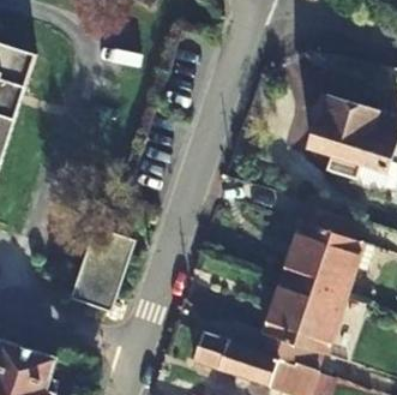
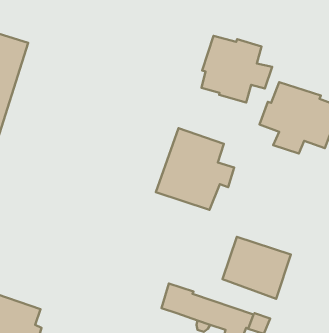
building: none -> [201,36,272,103]
building: [281,203,372,298] -> [156,128,234,210]
building: [73,233,131,315] -> none

